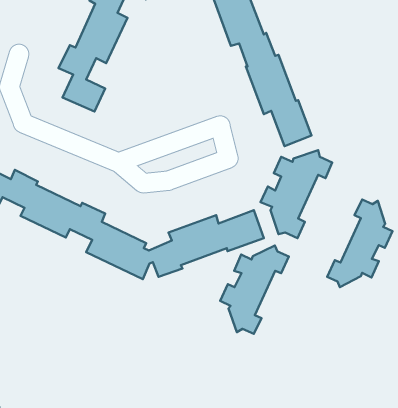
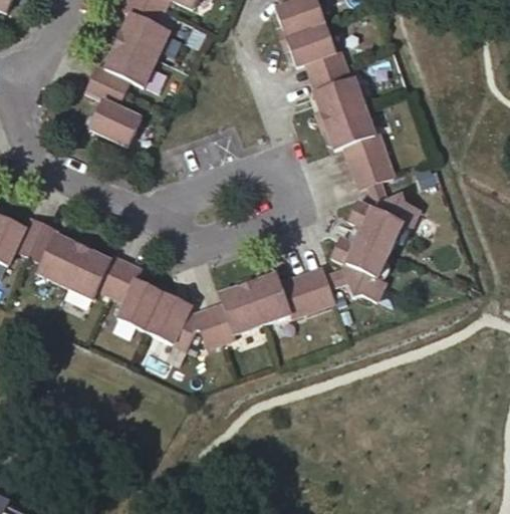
building: [327,200,393,287] -> none
building: [220,246,289,334] -> none

